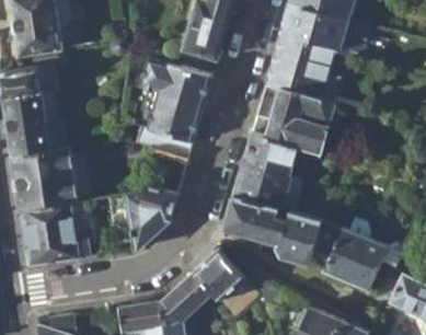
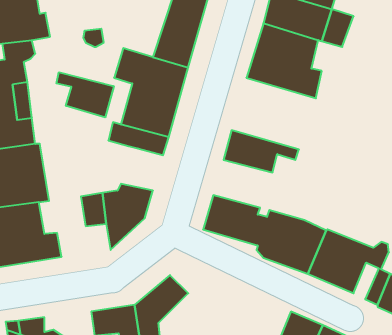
building: none -> [56,72,114,117]
building: [252,83,335,153] -> none
building: [146,151,186,192] -> none
building: [234,162,291,209] -> none
building: [193,252,255,319] -> none

